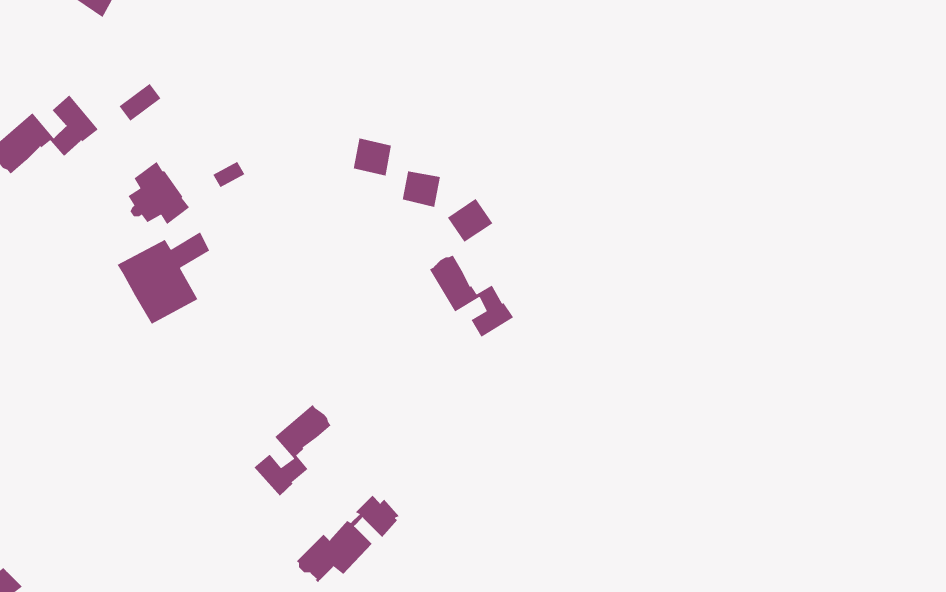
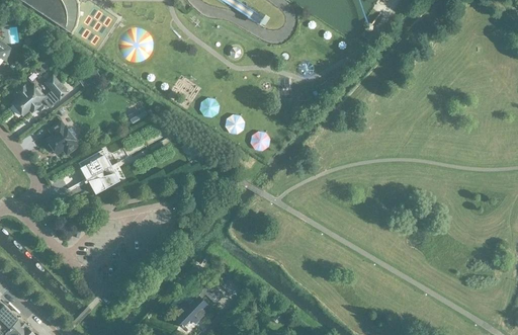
building: [128,161,190,225] -> [46,120,78,154]
building: [429,254,514,338] -> none
building: [254,404,332,497] -> none

